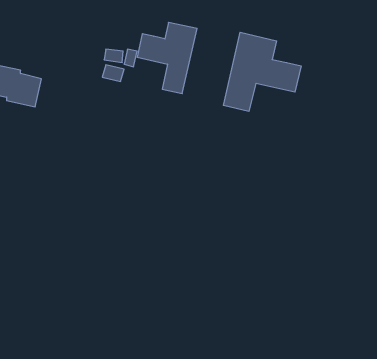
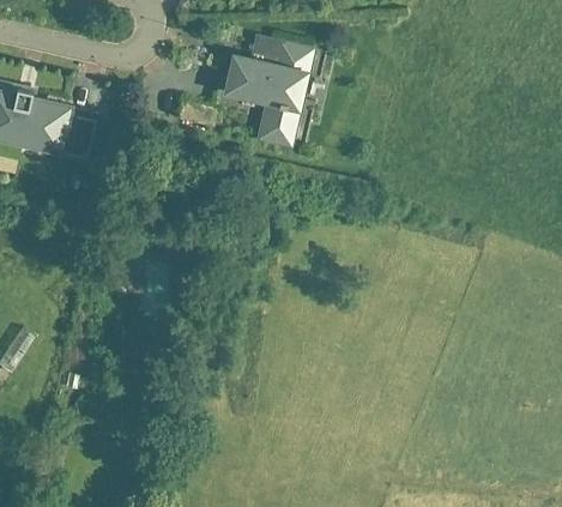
building: [223,32,301,111] -> none

